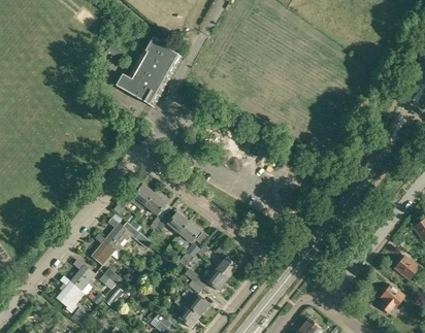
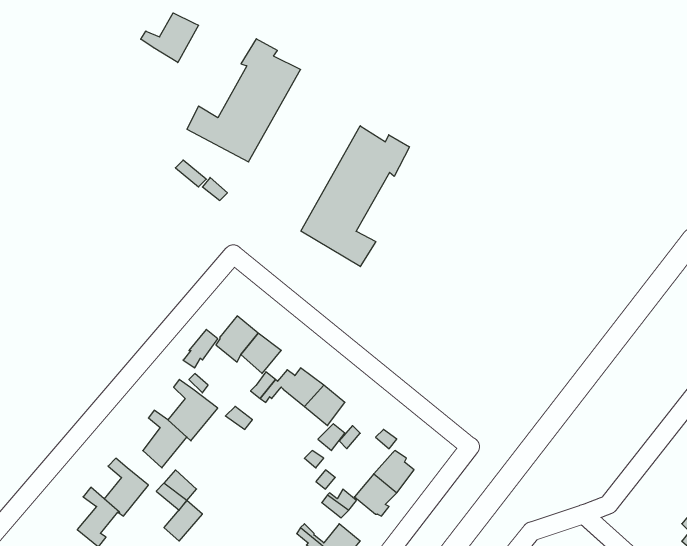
building: none -> [141,13,199,63]
building: none -> [301,126,409,267]

